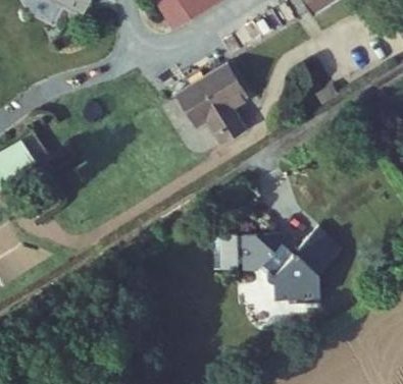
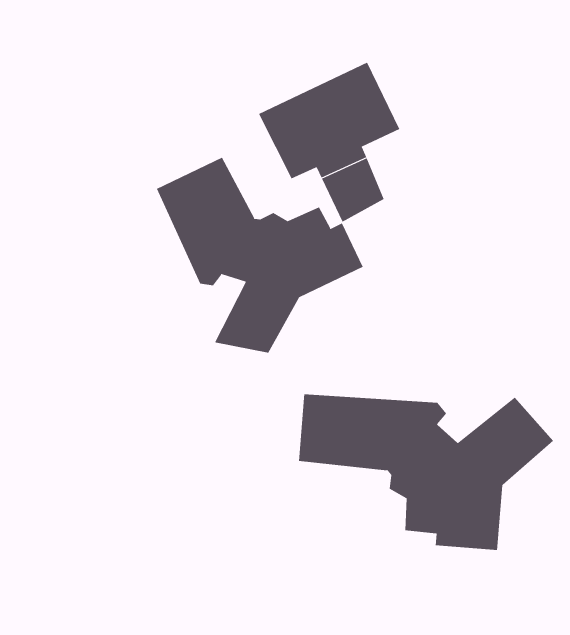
building: none -> [156,157,364,353]

